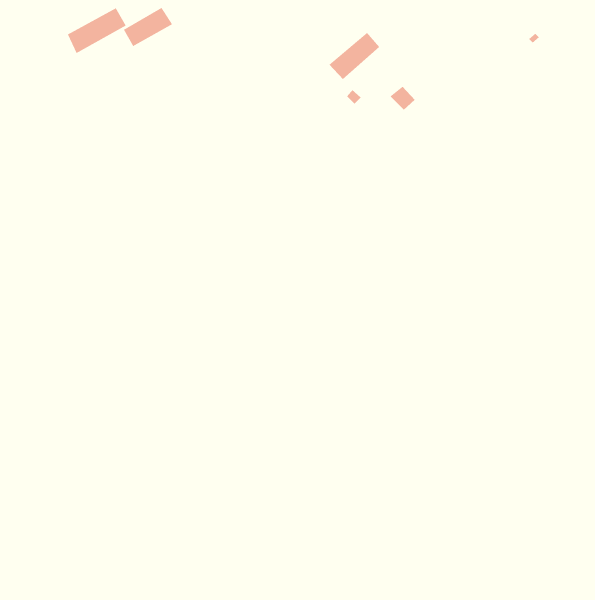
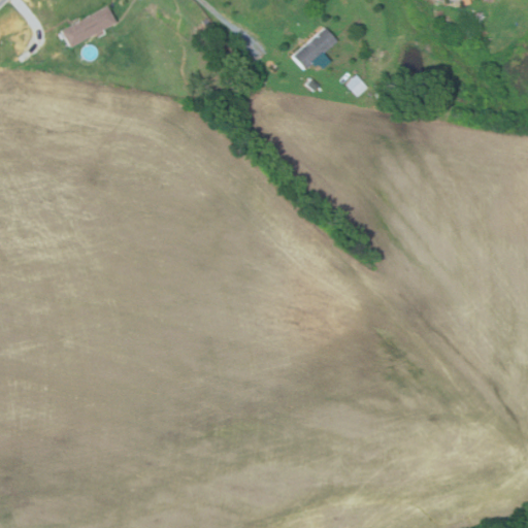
building: [123,7,173,47] -> none

